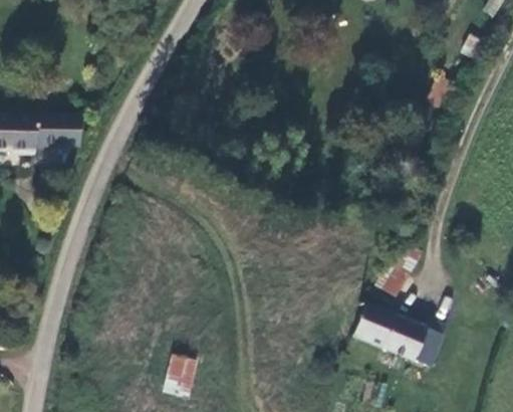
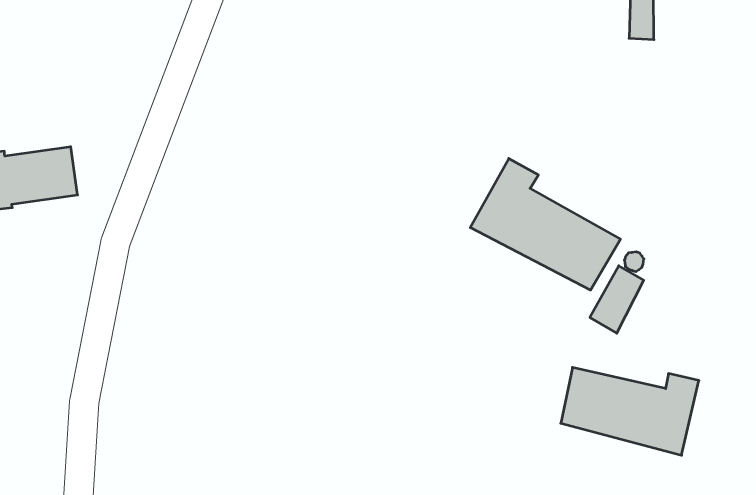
building: none -> [470,158,620,290]

